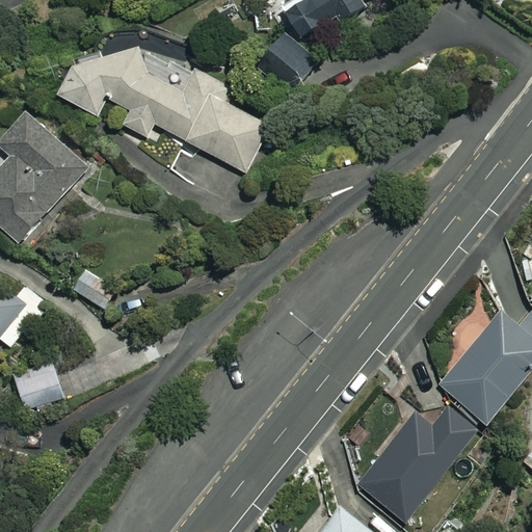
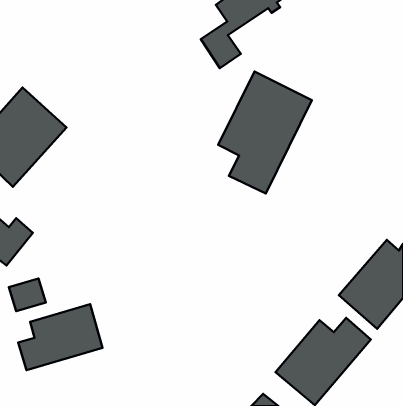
building: [59,41,266,170] -> none
building: none -> [218,71,312,194]
building: none -> [18,304,103,370]

